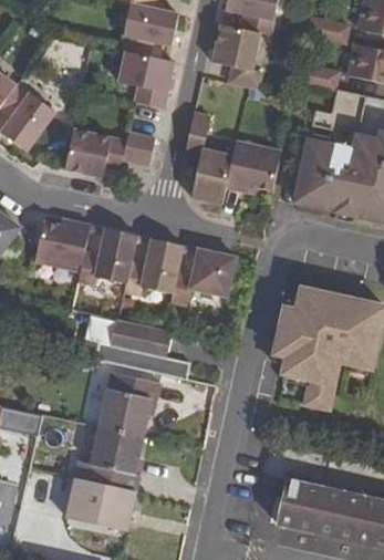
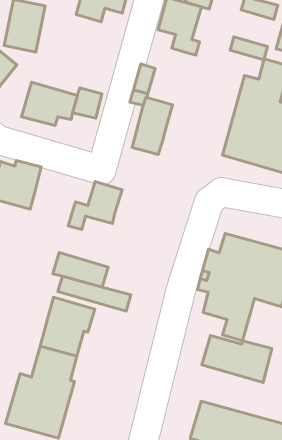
building: [117,50,174,107] -> none
building: [226,138,281,191] -> none
building: [77,227,136,282] -> none
building: [170,248,236,303] -> none
building: none -> [202,335,272,382]

